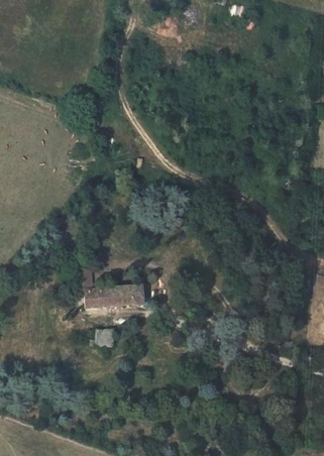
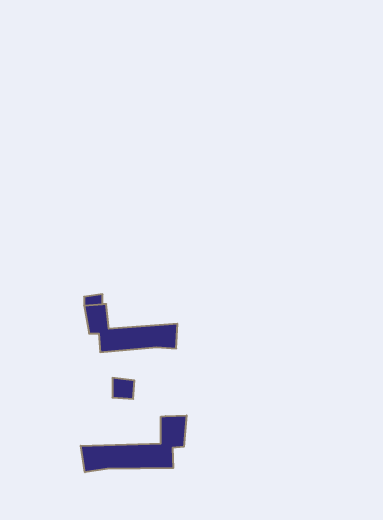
building: none -> [81,415,187,472]

